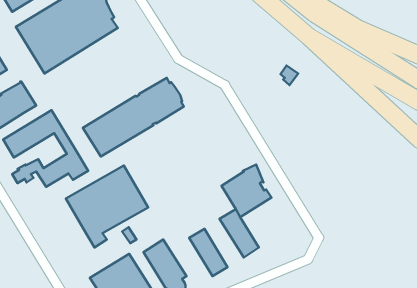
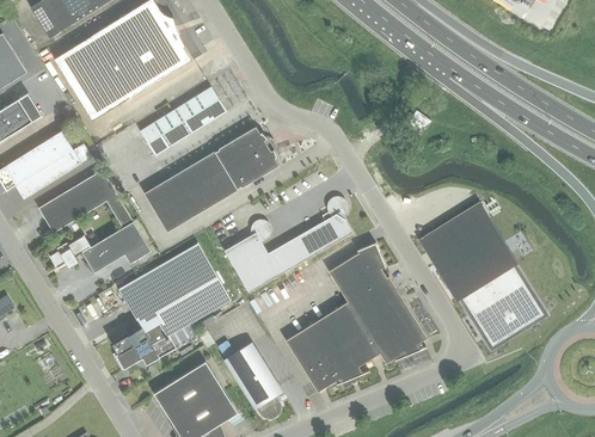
building: none -> [140,87,226,155]
building: none -> [225,197,352,293]
building: none -> [417,202,542,346]
building: none -> [354,287,427,363]
building: none -> [306,315,369,389]
building: none -> [111,324,161,368]

